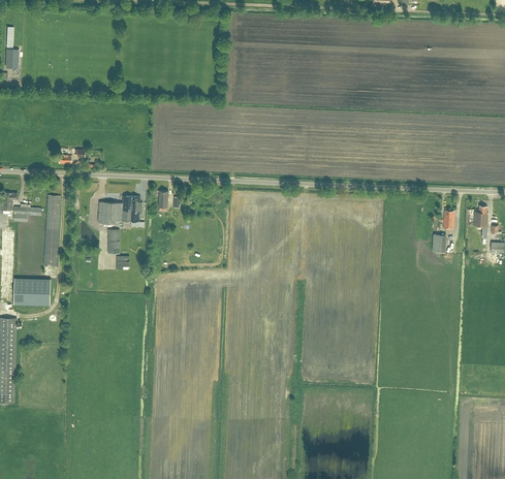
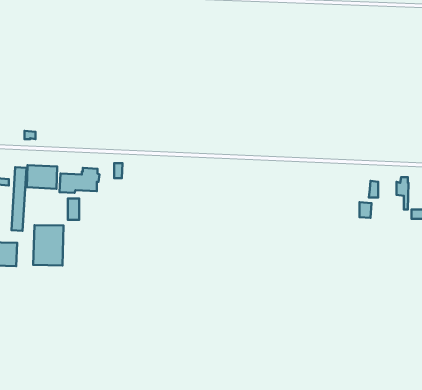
building: none -> [27,165,57,189]
building: none -> [33,225,64,266]

